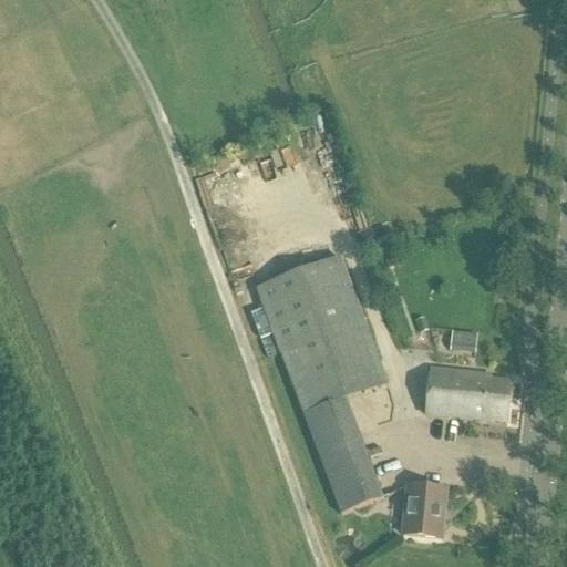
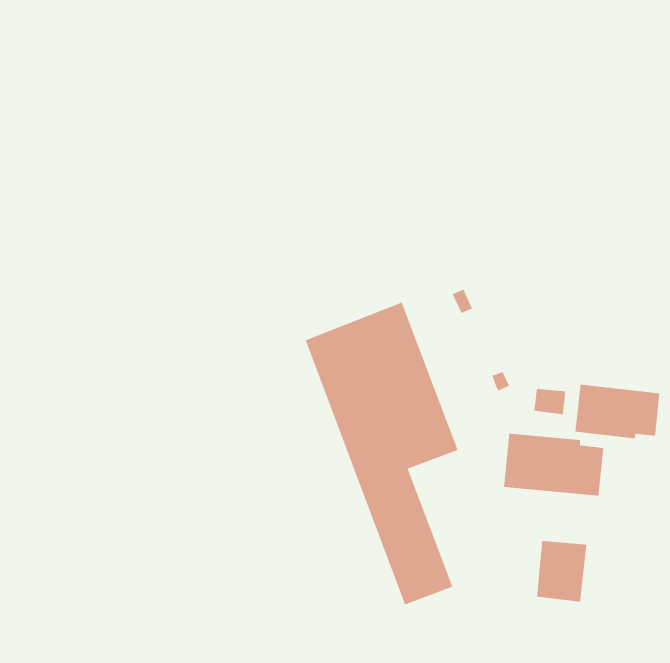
building: none -> [575,384,660,439]
building: [402,483,445,535] -> [536,540,587,602]

